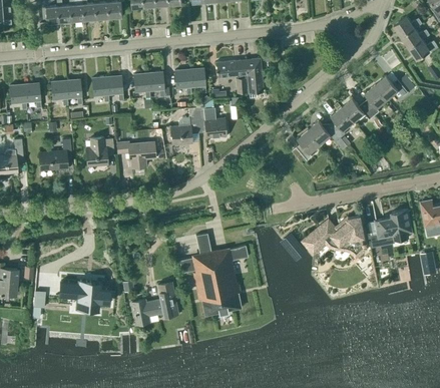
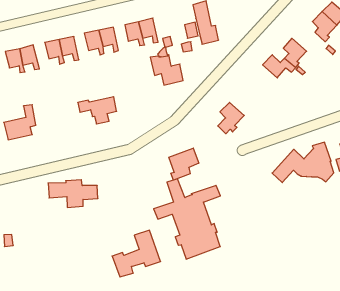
building: [214,60,247,77] -> none
building: [341,98,374,122] -> none
building: [169,107,197,146] -> none
building: [293,130,321,161] -> [218,102,244,134]
building: [85,136,113,167] -> none
building: none -> [169,148,199,180]
building: [59,281,109,309] -> [48,180,98,207]

